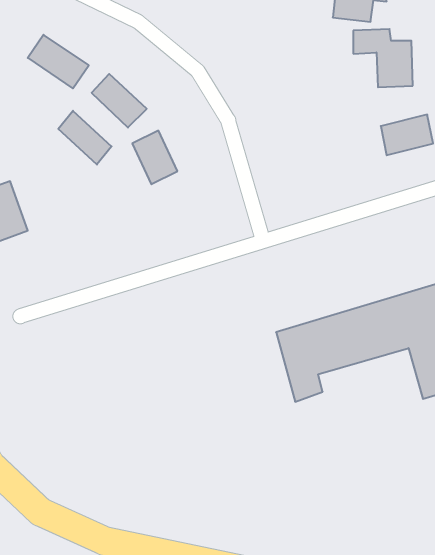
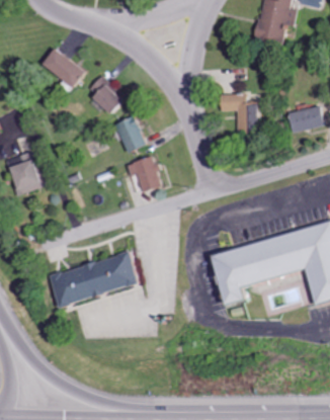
building: [353,29,413,87] -> [218,94,259,135]
building: [58,111,112,165] -> none
building: none -> [126,156,163,192]
building: none -> [50,252,141,308]

